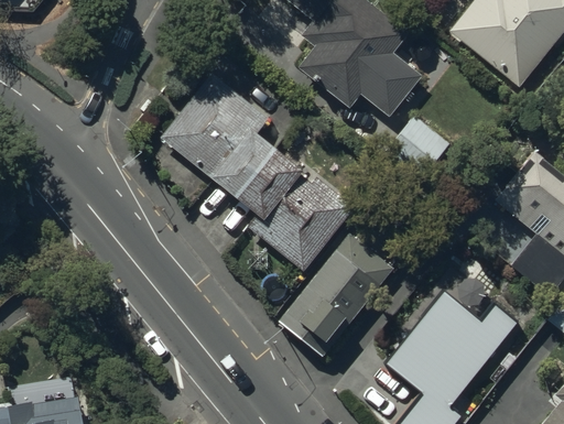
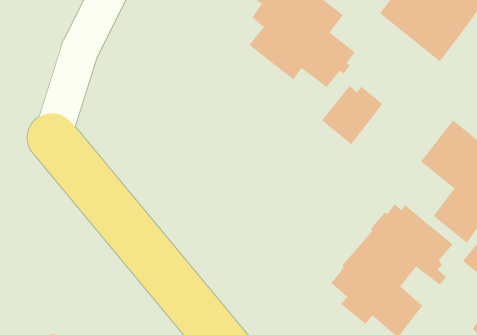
building: [160,73,356,270] -> none
building: [279,231,394,357] -> none

